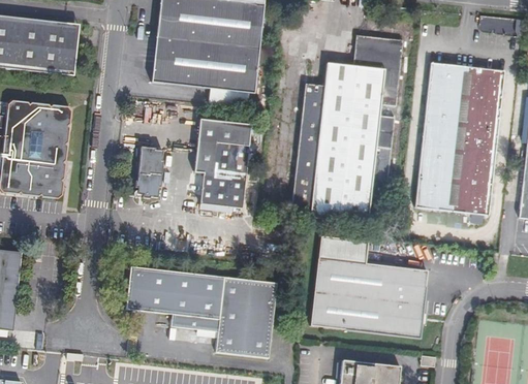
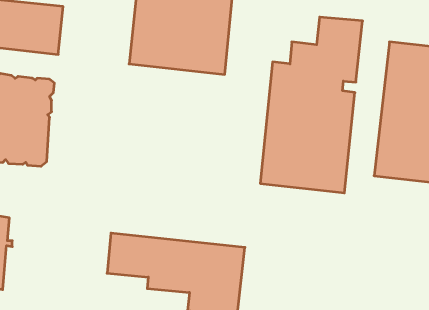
building: [195,120,250,206] -> none
building: [135,147,163,197] -> none
building: [313,236,426,334] -> none

